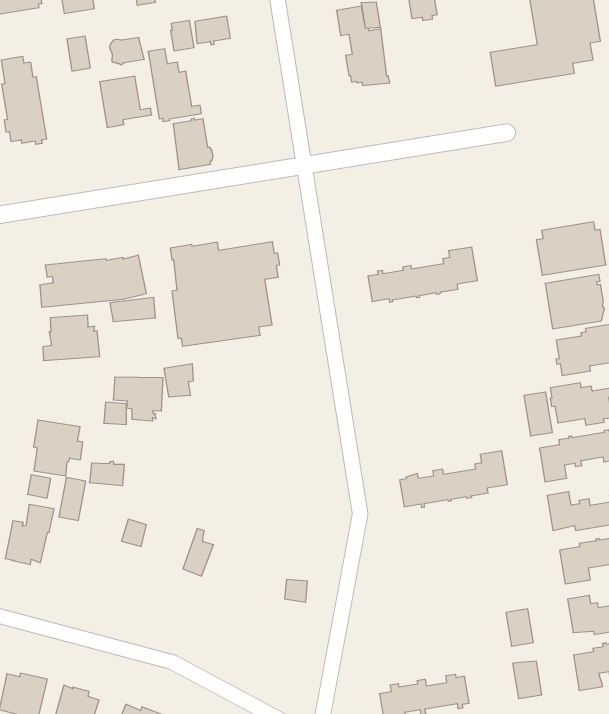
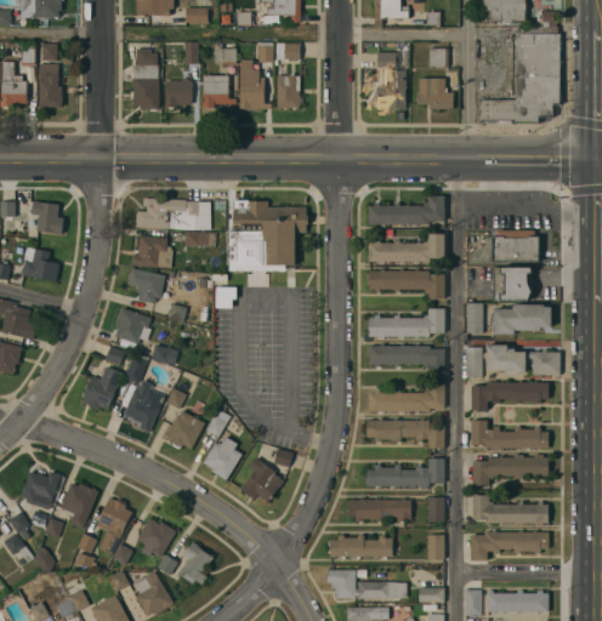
building: none -> [418,79,454,110]
building: none -> [165,79,193,110]
building: [173,119,213,170] -> [277,75,302,109]
building: none -> [369,196,444,227]
building: none -> [368,268,443,297]
building: none -> [465,301,482,332]
building: none -> [368,307,443,337]
building: [113,377,163,421] -> [126,267,164,302]
building: none -> [368,342,443,372]
building: none -> [365,417,443,446]
building: none -> [123,377,163,432]
building: none -> [165,410,204,448]
building: none -> [367,457,443,486]
building: none -> [201,435,242,479]
building: none -> [239,456,283,501]
building: none -> [347,496,409,520]

